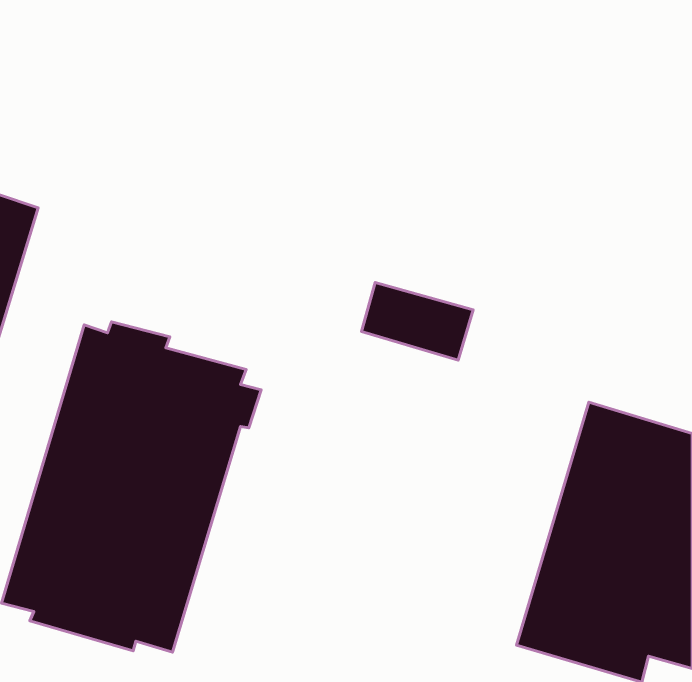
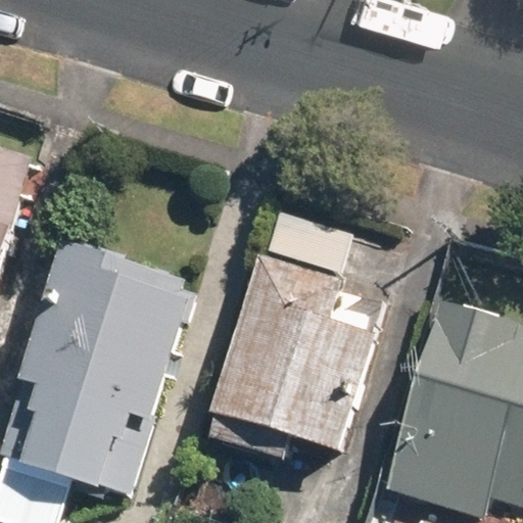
building: none -> [215,260,371,457]

